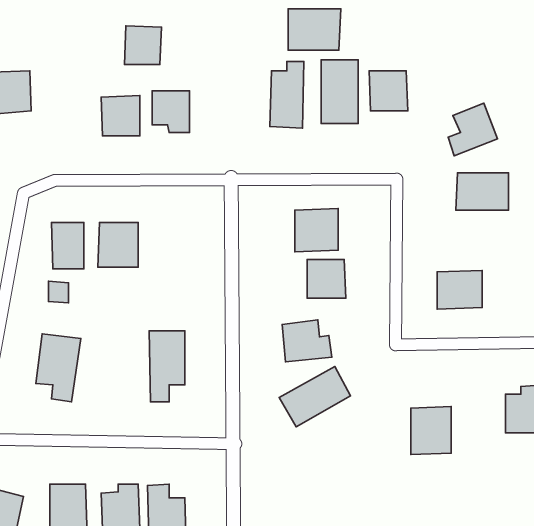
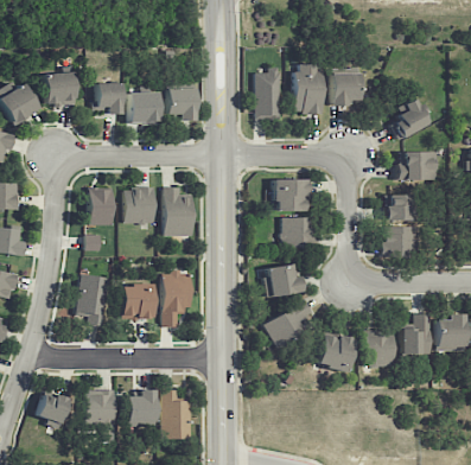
building: [288,9,341,50] -> none
building: [124,26,162,64] -> [91,82,120,112]
building: none -> [163,186,192,236]
building: none -> [384,193,410,221]
building: none -> [121,284,153,319]
building: none -> [400,313,429,353]
building: none -> [317,335,352,370]

